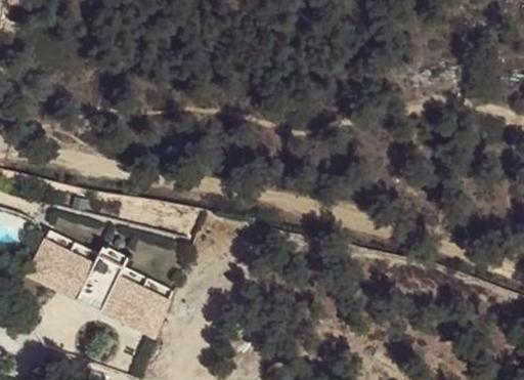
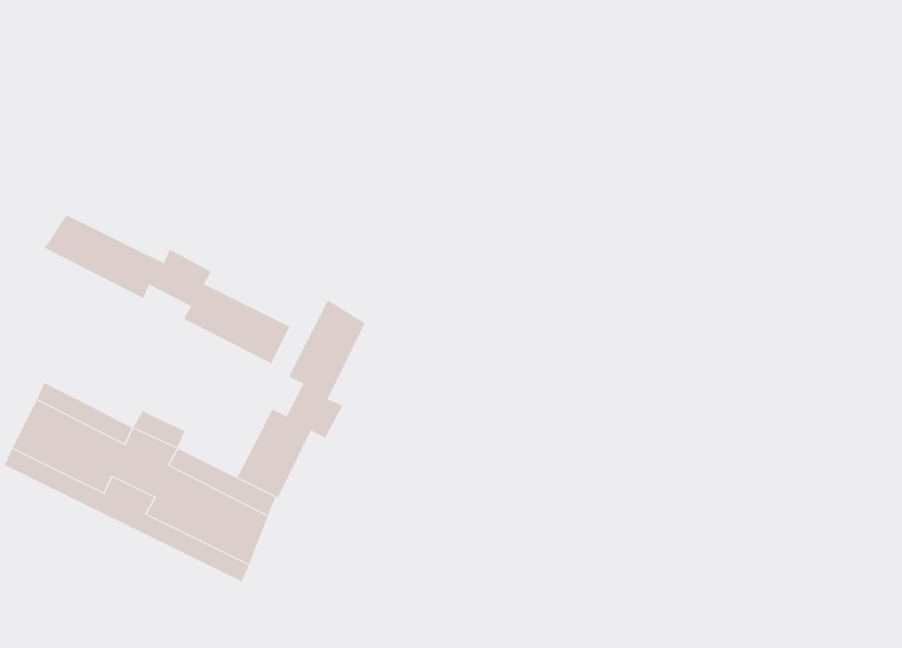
building: none -> [44,214,290,364]
building: none -> [237,300,366,498]

